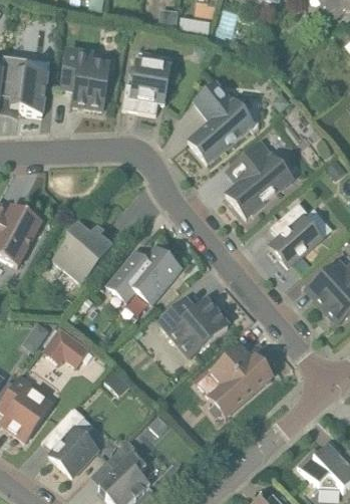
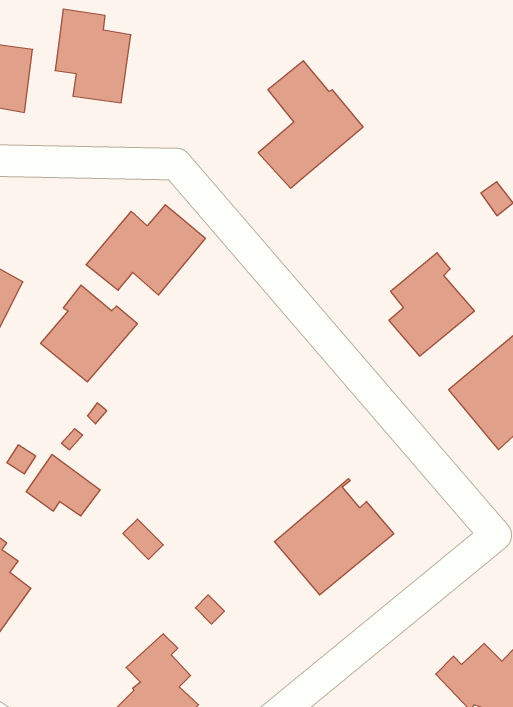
building: [122,60,170,112] -> none
building: [225,141,292,216] -> none
building: [106,245,181,301] -> [86,205,205,295]
building: [158,295,228,352] -> none
building: [48,404,98,474] -> none

